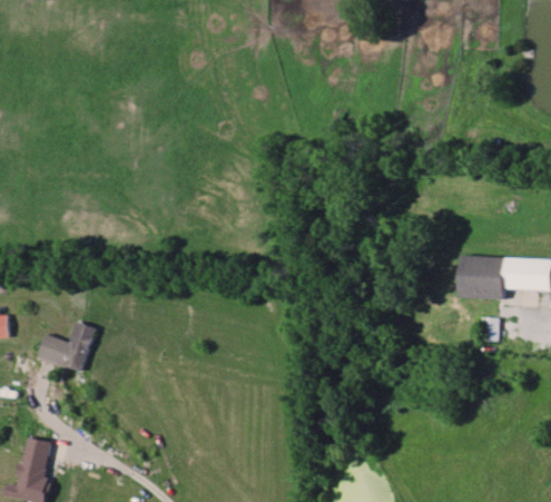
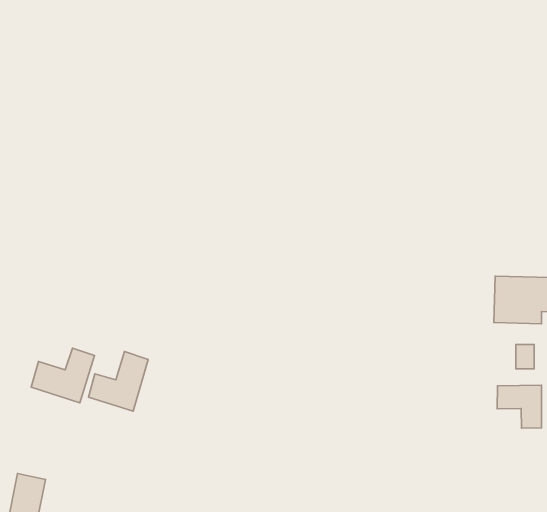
building: none -> [88,352,148,411]
building: none -> [497,385,541,428]

